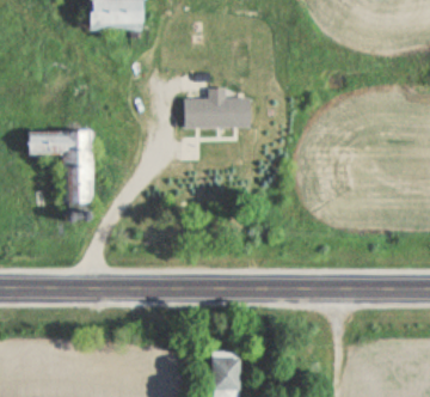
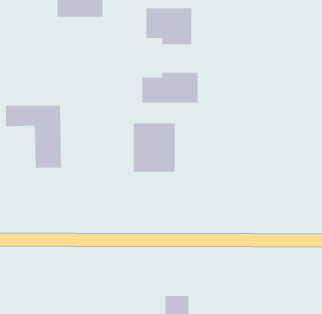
building: none -> [146,7,192,45]
building: none -> [133,123,175,173]

